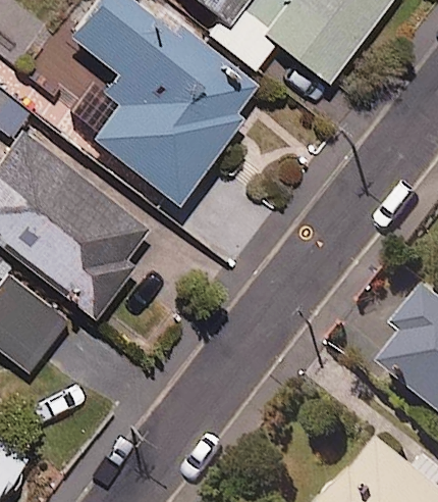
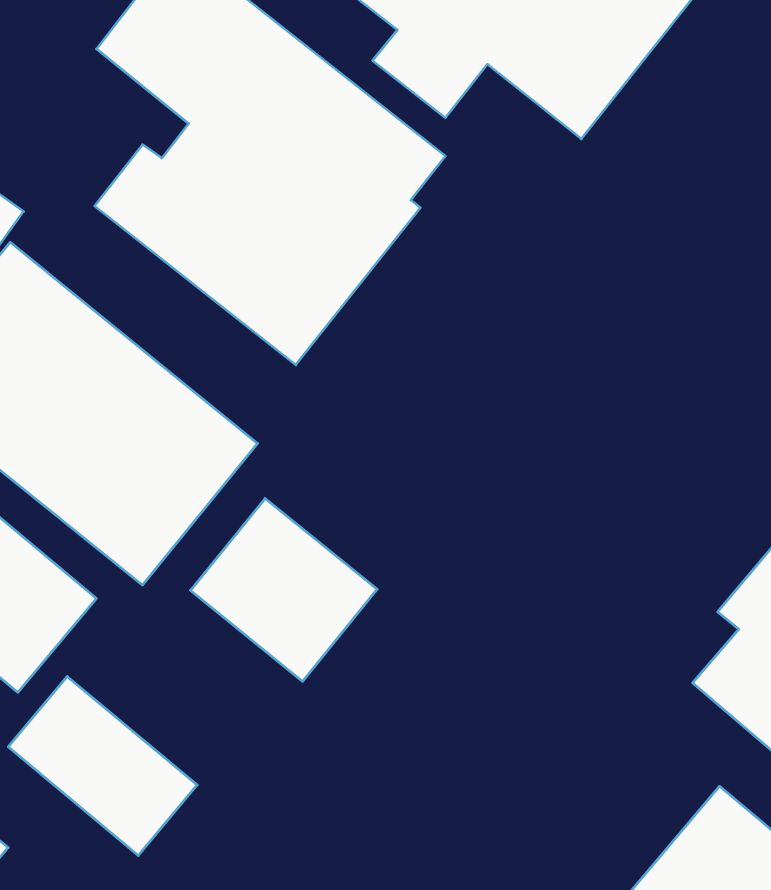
building: none -> [190,498,377,681]
building: none -> [8,676,197,856]

